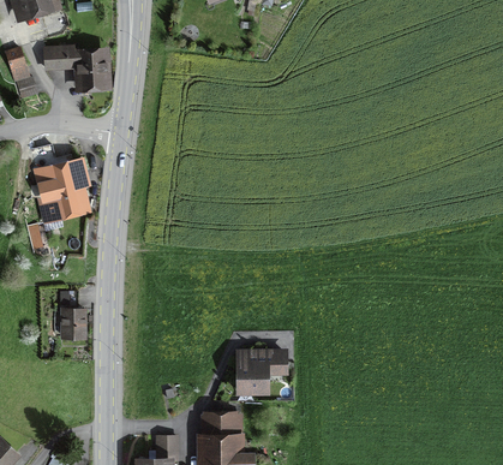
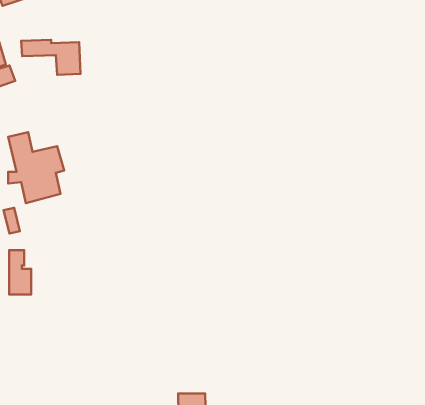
building: [62,292,85,338] -> [9,250,31,295]
building: [240,353,285,391] -> none

